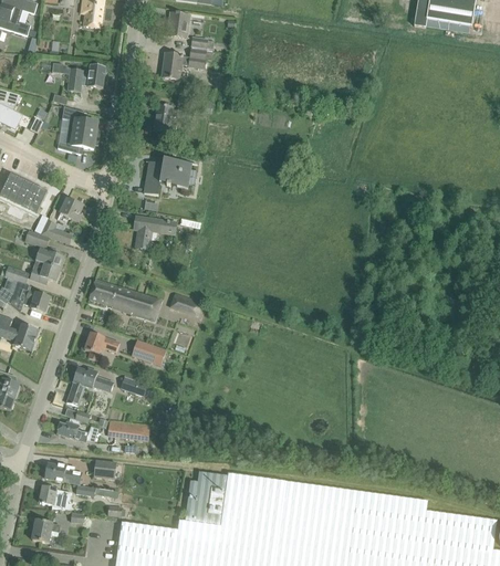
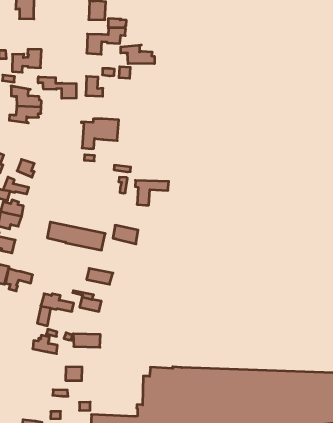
building: none -> [121,45,154,64]
building: none -> [38,77,76,98]
building: [134,217,176,249] -> [135,180,169,205]
building: [84,332,118,360] -> [6,268,33,291]
building: [43,462,81,483] -> none
building: [39,486,70,510] -> none

